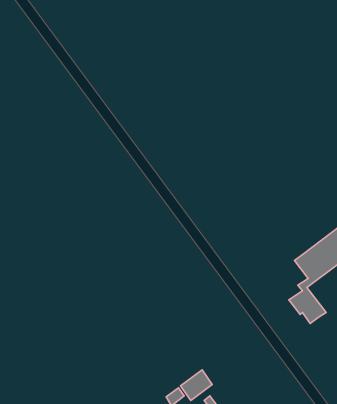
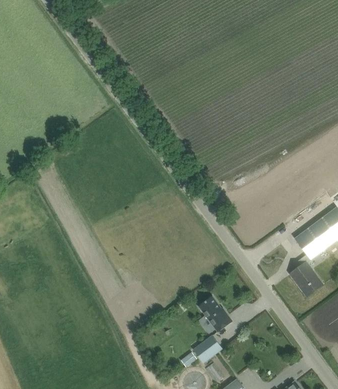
building: none -> [199,296,232,331]

